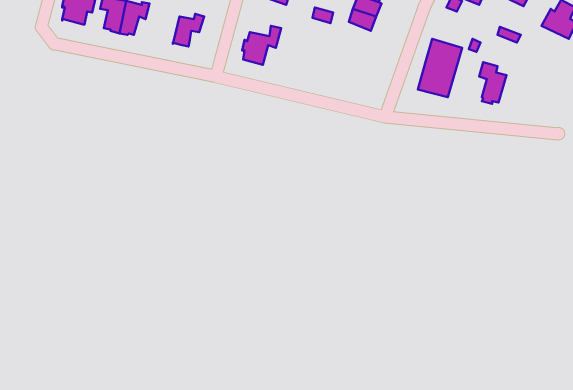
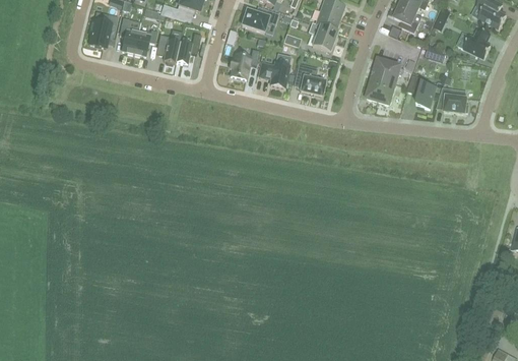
building: none -> [157,34,181,63]
building: none -> [259,61,289,86]
building: none -> [297,63,325,96]
building: none -> [439,86,469,114]

